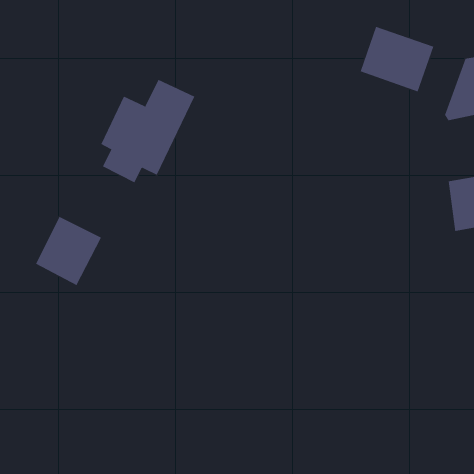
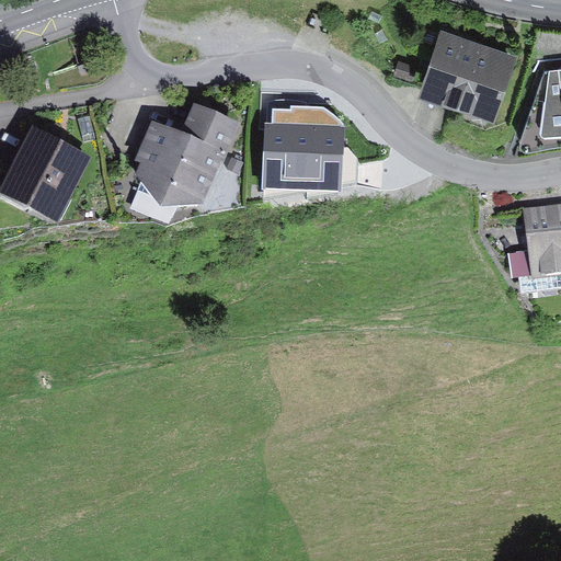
building: none -> [263,107,346,194]
building: [35,216,102,286] -> [8,136,87,218]

